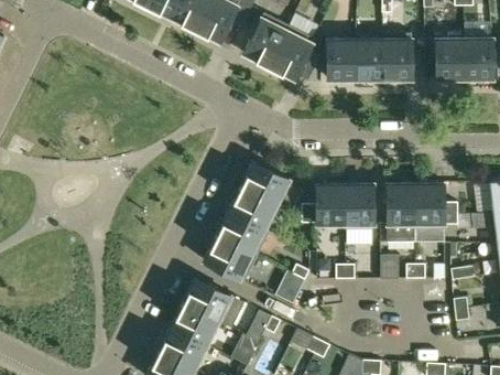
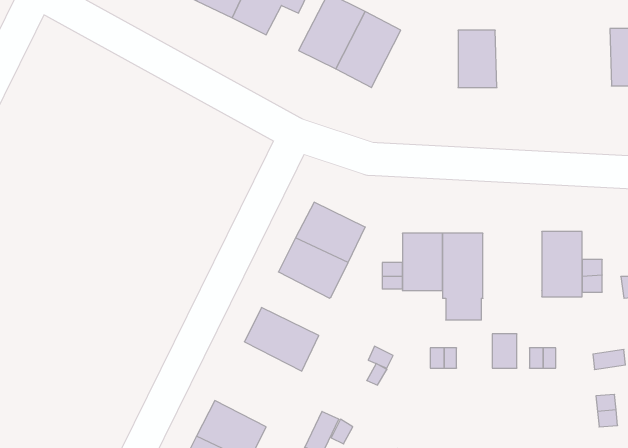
building: [382,34,412,81] -> none
building: [435,39,465,79] -> none
building: [327,40,356,81] -> none
building: [387,183,415,238] -> none
building: [216,212,270,257] -> none
building: [183,279,244,328] -> none

